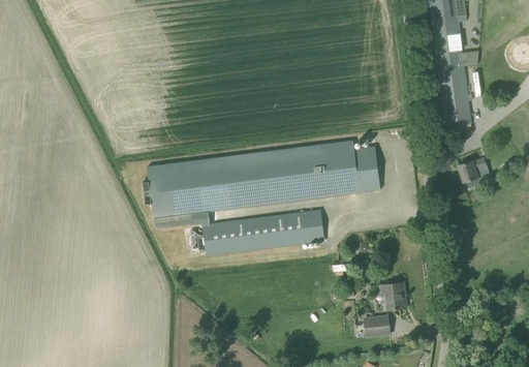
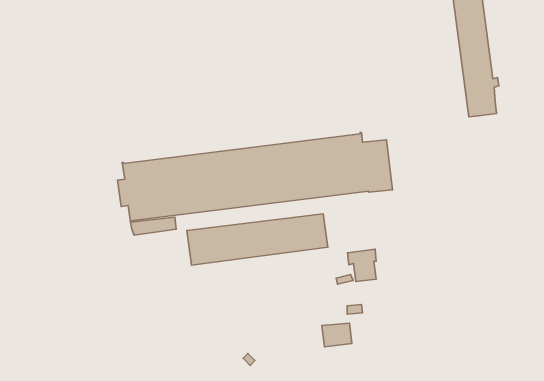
building: [458,157,486,187] -> none
building: [380,281,405,309] -> [348,249,376,281]
building: [364,315,390,336] -> [322,323,352,347]

